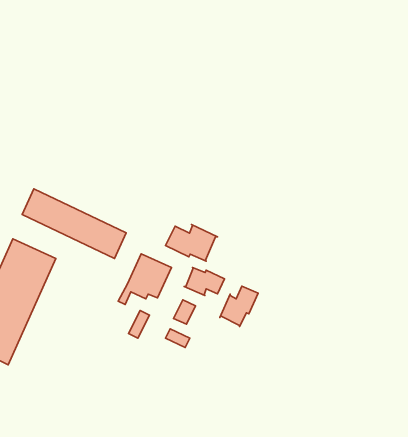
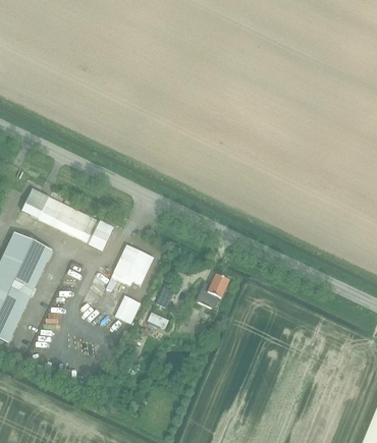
building: [166,224,217,261] -> none
building: [184,267,225,296] -> none

